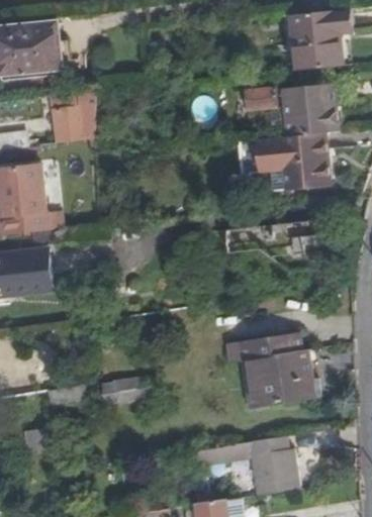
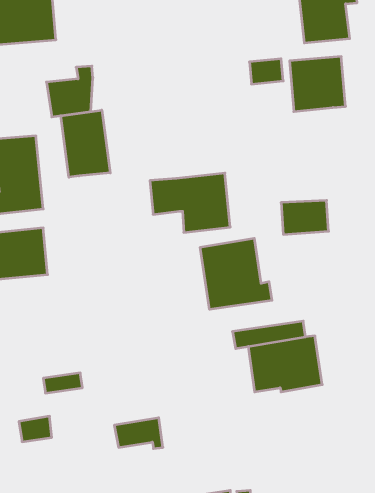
building: [253,132,330,189] -> [150,173,230,232]
building: none -> [61,110,110,177]
building: none -> [200,238,272,309]
building: [102,376,149,405] -> [114,418,163,449]
building: [199,439,299,495] -> none

